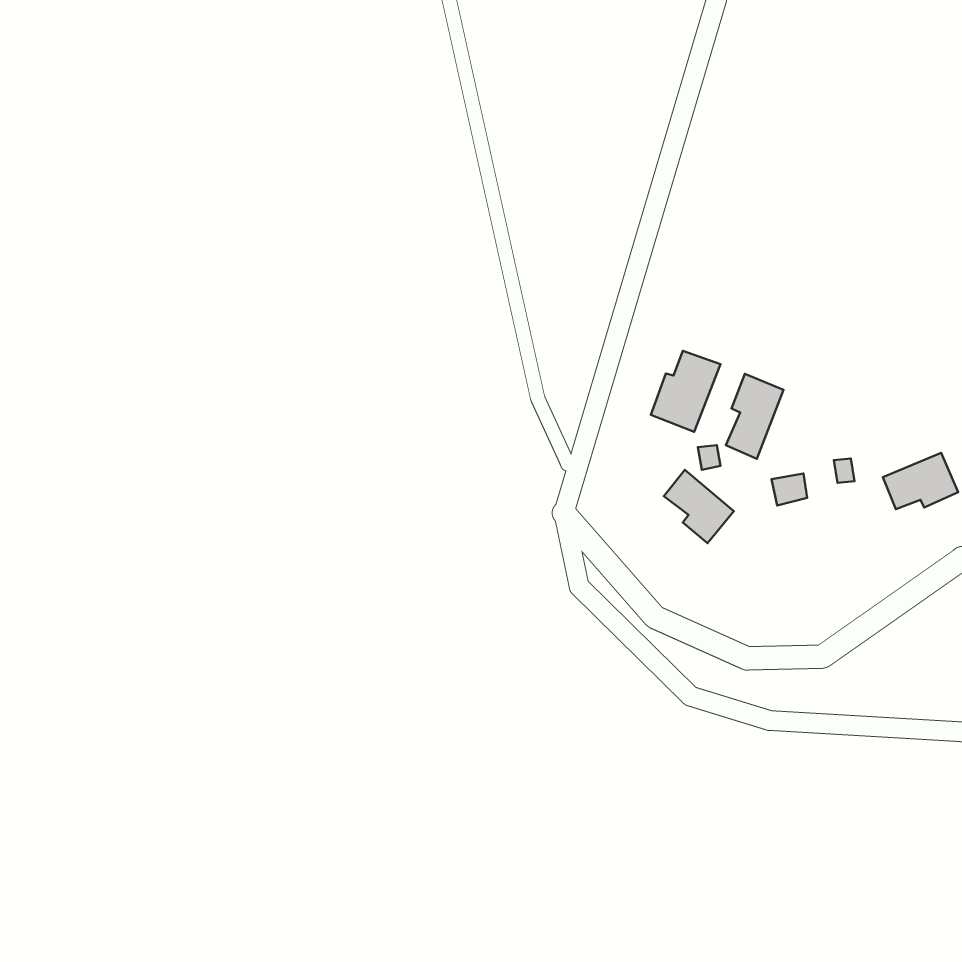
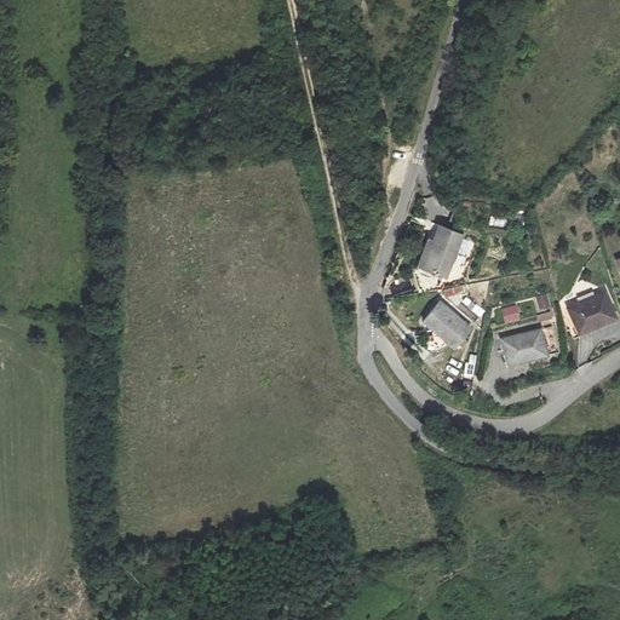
building: [726,374,784,459] -> none
building: none -> [501,329,546,366]

